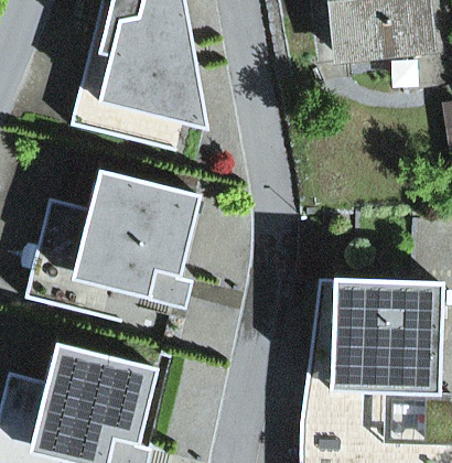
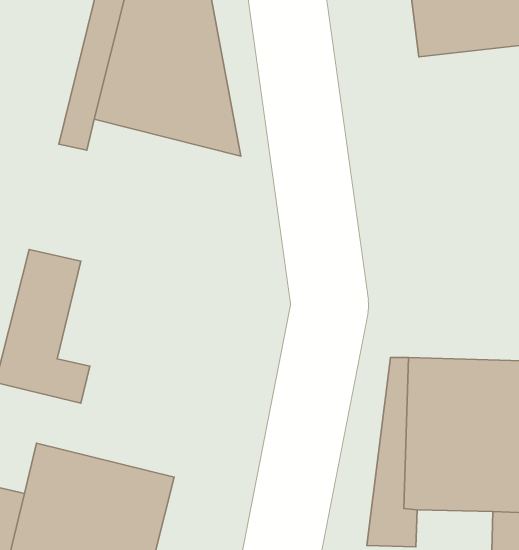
building: [72,172,202,306] -> none

